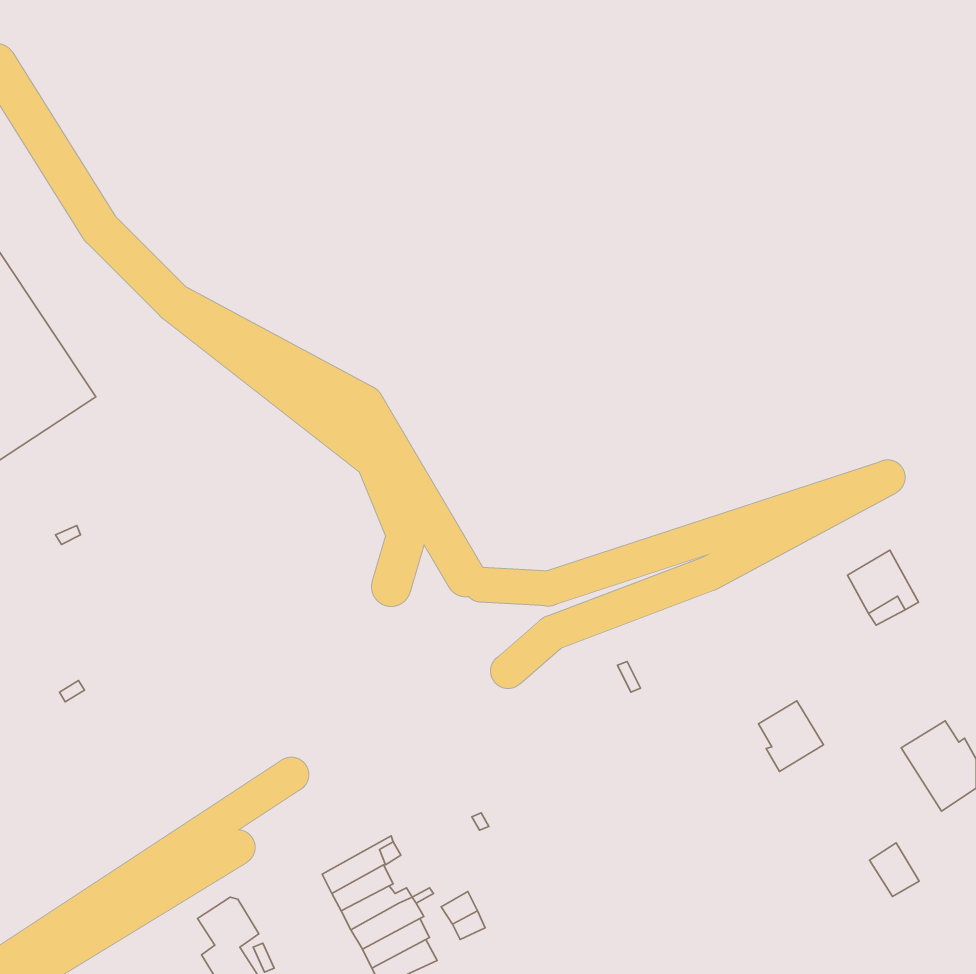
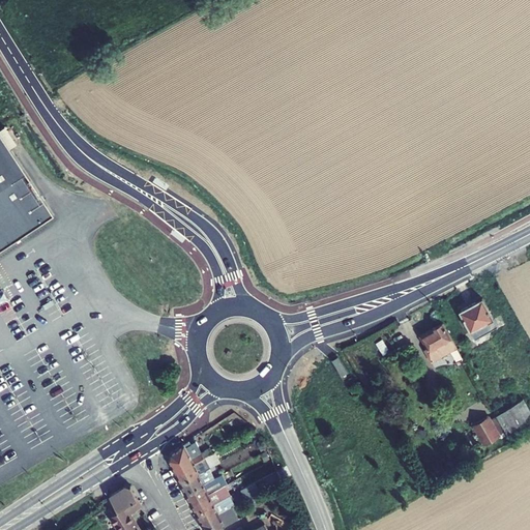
building: [758,701,824,772] -> [419,325,454,363]
building: none -> [167,444,211,475]
building: [869,843,919,896] -> [470,418,497,447]

